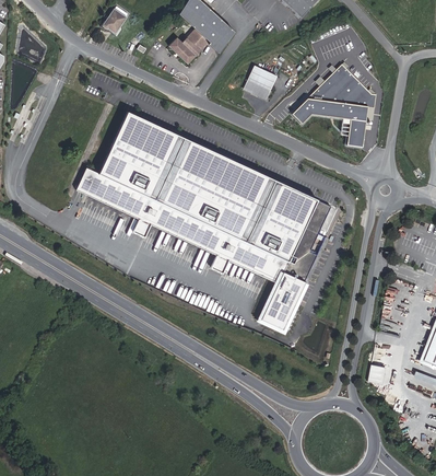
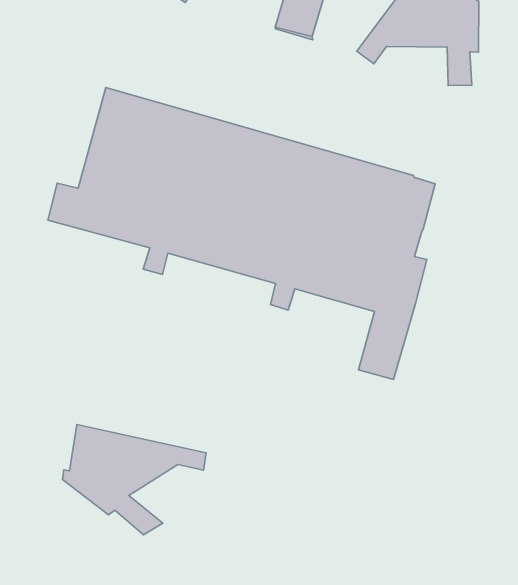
building: none -> [62,425,206,535]

